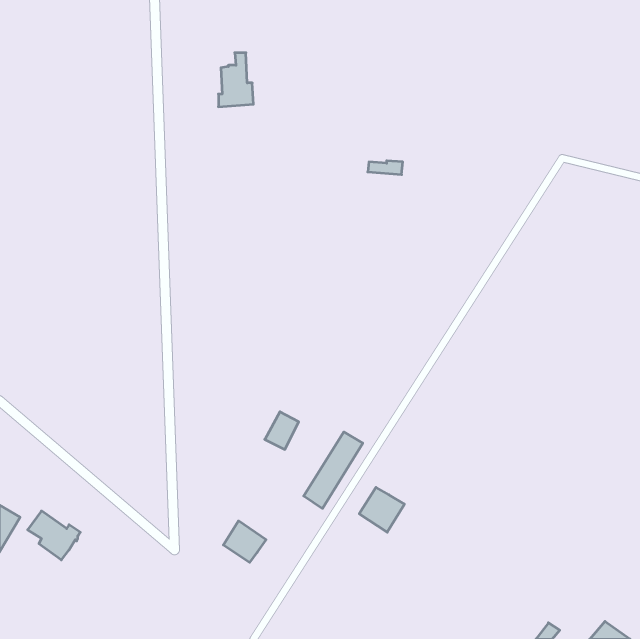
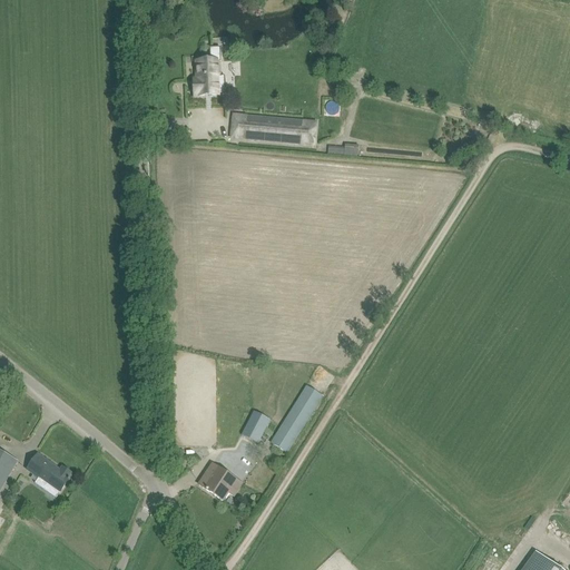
building: none -> [229,112,316,146]
building: [265,412,299,449] -> [239,409,269,442]
building: [359,487,404,532] -> none

